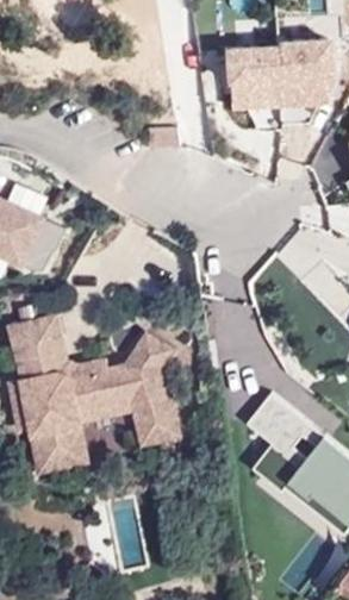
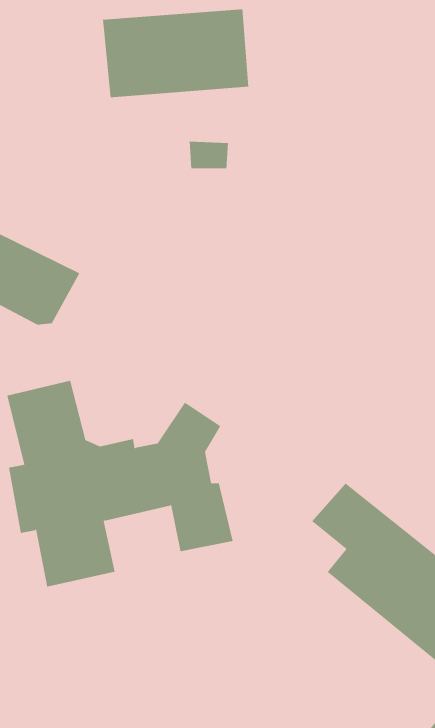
building: [216,39,330,108] -> [102,9,249,98]

